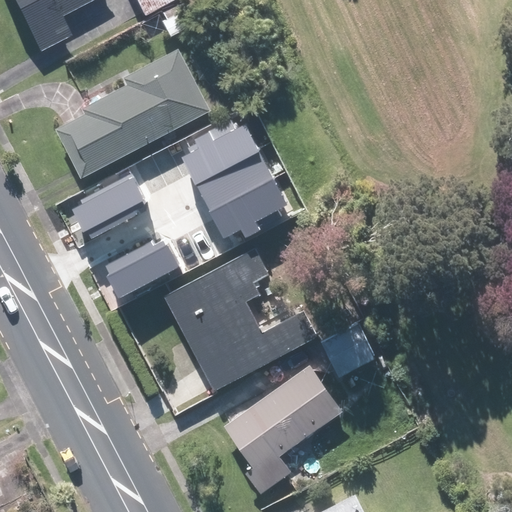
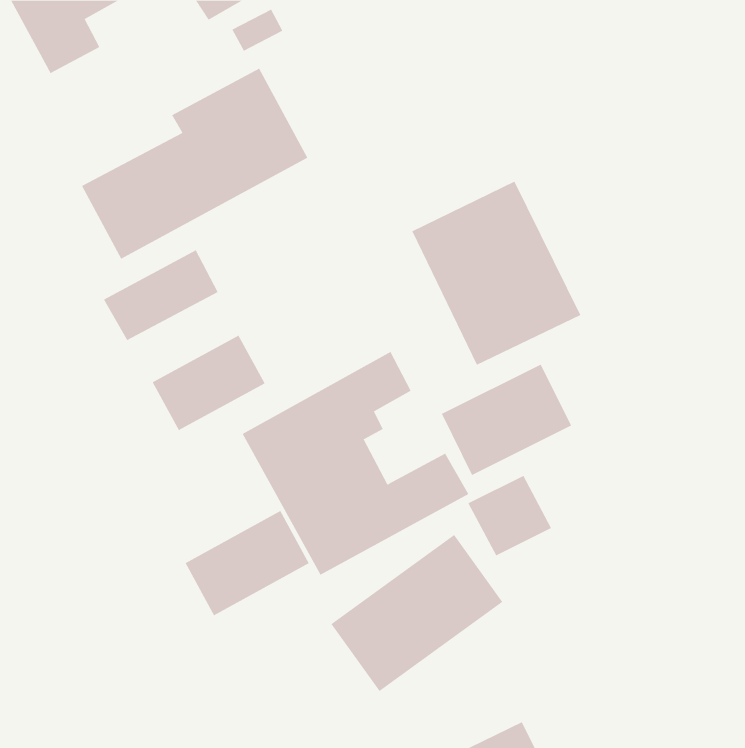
building: [176,114,291,239] -> [412,181,581,365]
building: none -> [441,364,572,476]
building: none -> [185,510,310,616]

